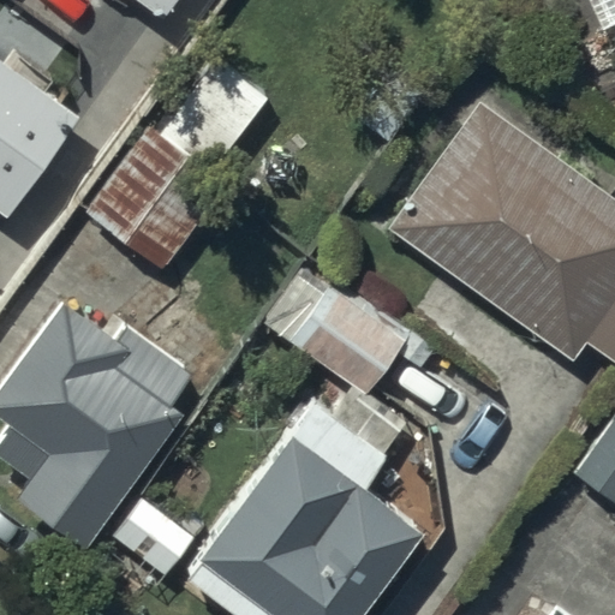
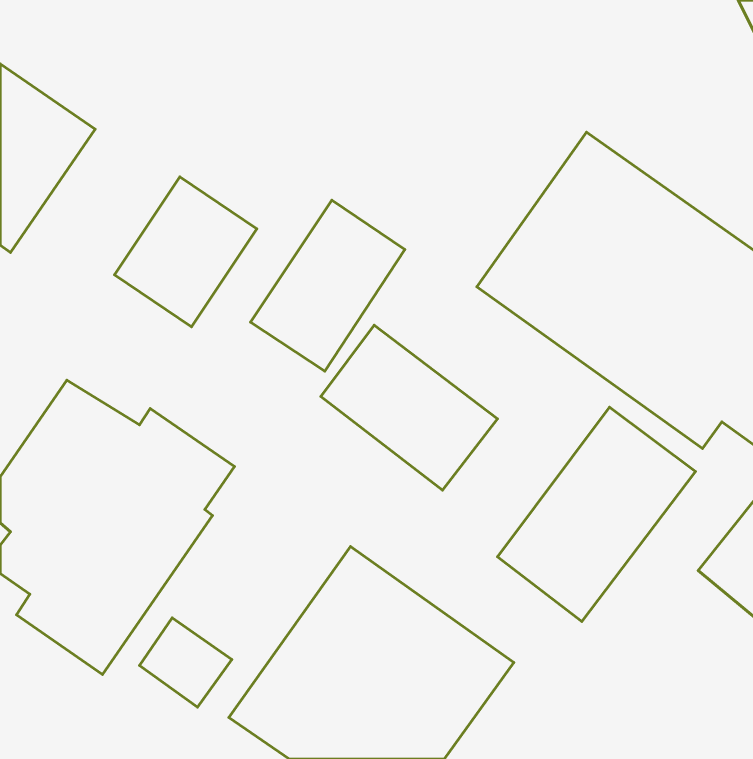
building: none -> [250,200,405,371]
building: none -> [497,407,696,621]

